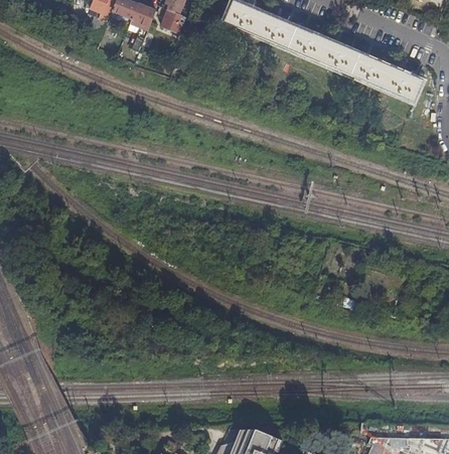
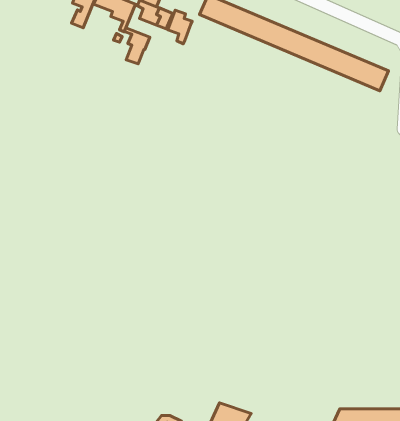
building: none -> [168,10,192,44]
building: none -> [124,28,150,64]

